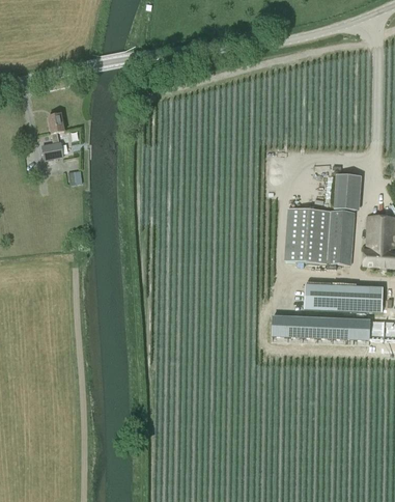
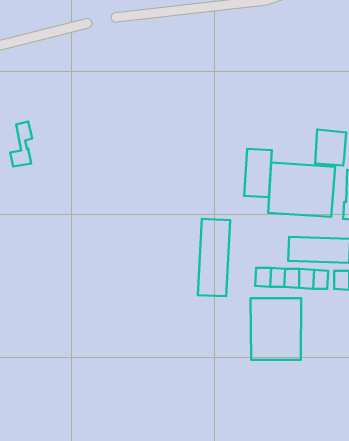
building: [43,113,65,160] -> [10,122,32,167]
building: none -> [244,149,272,197]
building: none -> [198,219,230,296]
building: none -> [251,298,301,360]

